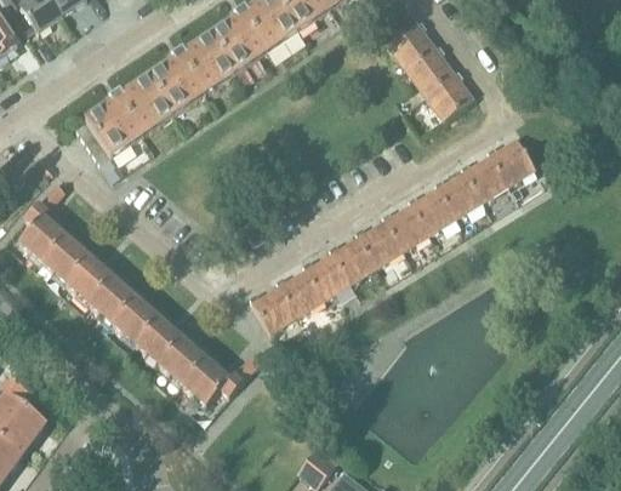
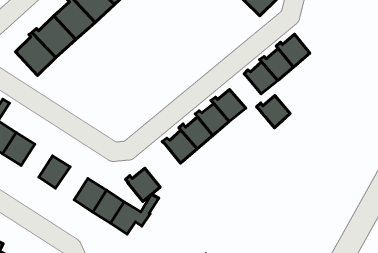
building: [488,137,535,183] -> none
building: [382,202,429,249] -> [256,96,290,128]
building: [68,256,115,304] -> none
building: [250,284,298,331] -> [125,168,160,201]
building: [113,296,161,344] -> none

